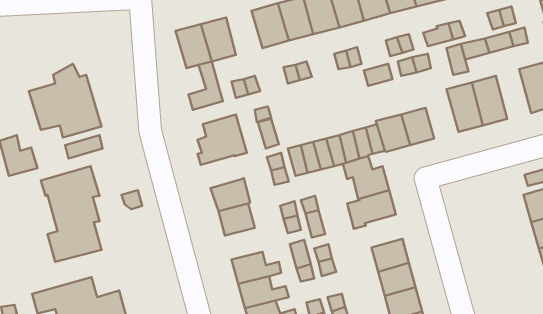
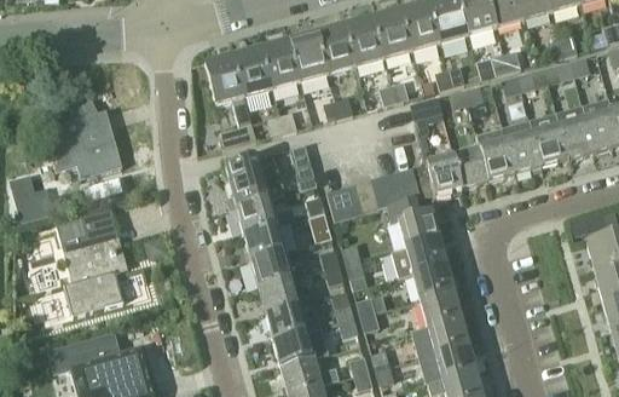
building: none -> [260,40,300,88]
building: none -> [556,104,595,159]
building: none -> [479,126,515,180]
building: none -> [236,198,295,235]
building: none -> [412,264,453,300]
building: none -> [259,278,300,313]

